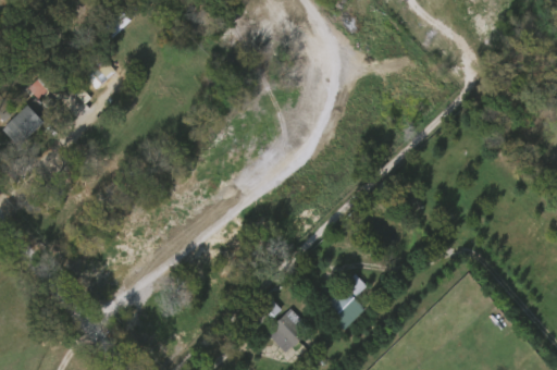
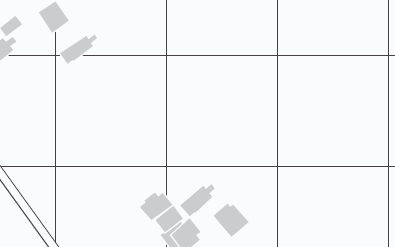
building: none -> [59,34,98,65]
building: none -> [179,183,216,217]
building: none -> [139,191,173,221]

